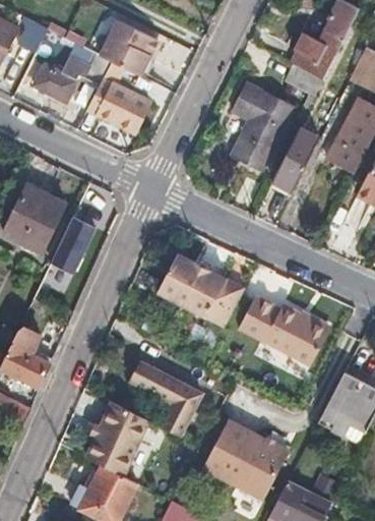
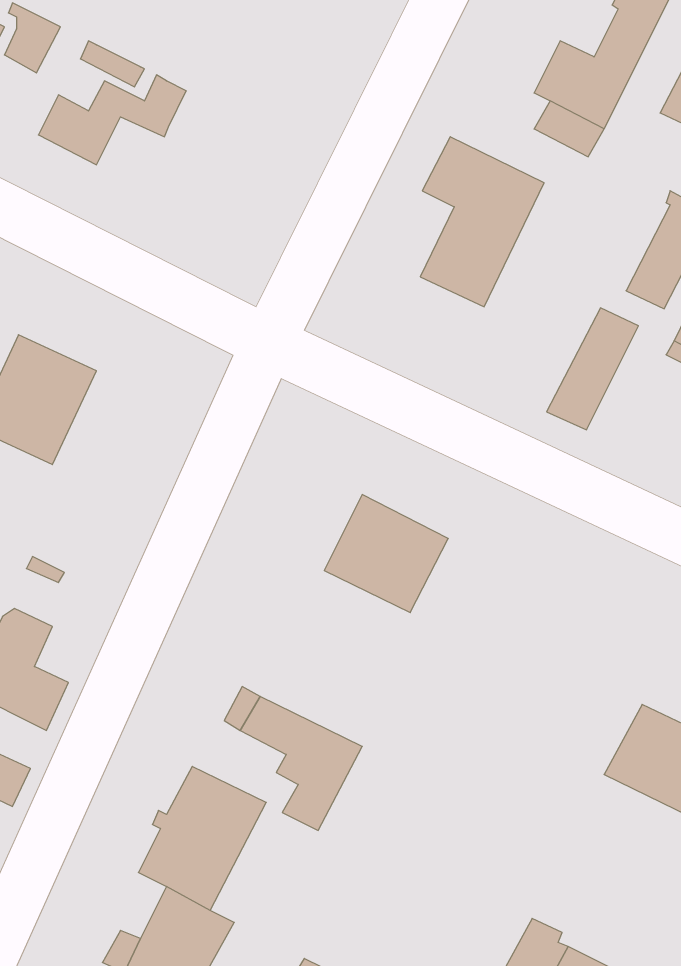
building: [101,22,157,74] -> none
building: [87,79,149,131] -> none
building: [271,129,318,191] -> [547,308,638,430]
building: [51,217,96,273] -> none
building: [157,254,200,305] -> none
building: [237,296,329,365] -> none
building: [203,421,287,498] -> none

